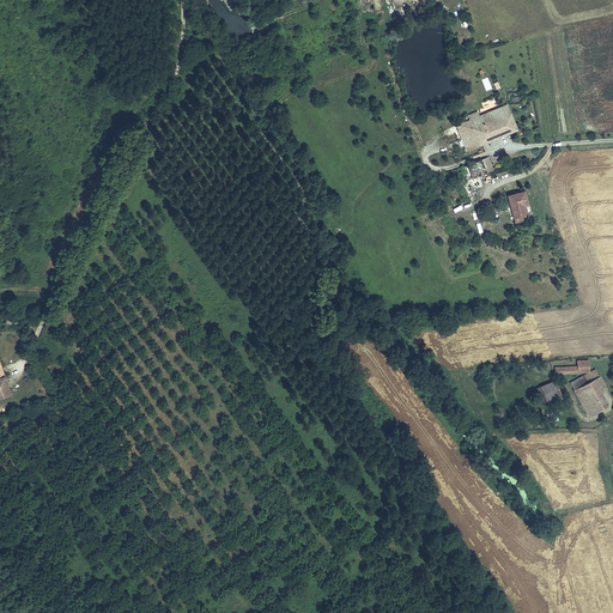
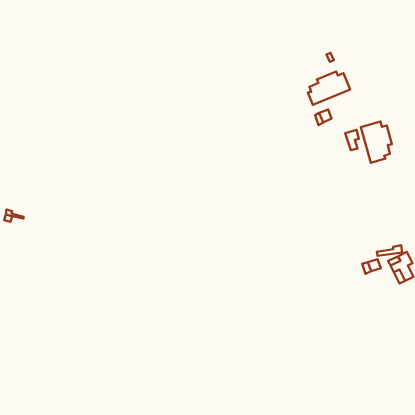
building: none -> [361,121,392,163]

